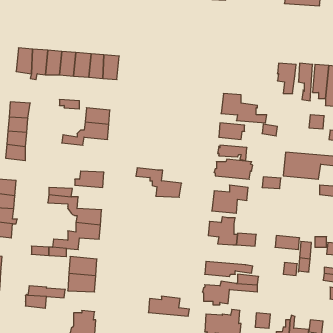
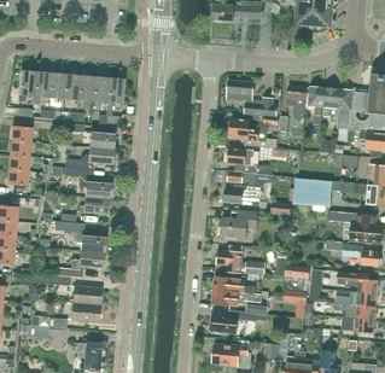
building: none -> [227,80,276,115]
building: [136,168,182,197] -> [64,168,111,198]
building: [148,296,189,316] -> [214,273,256,293]

